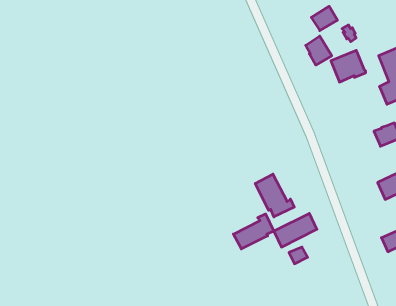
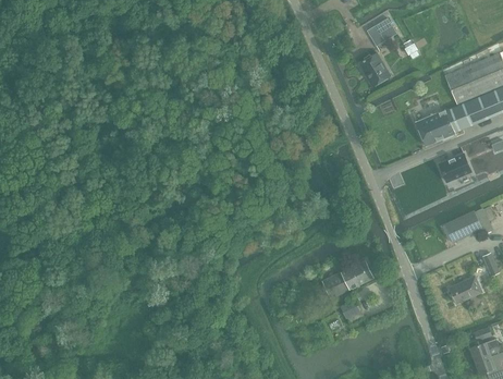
building: [331,50,366,82] -> [415,109,455,146]
building: [255,174,294,217] -> none
building: [233,214,274,249] -> none

